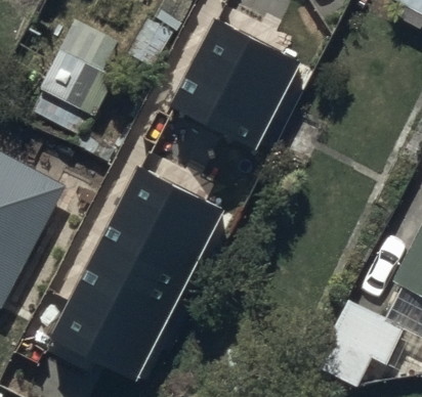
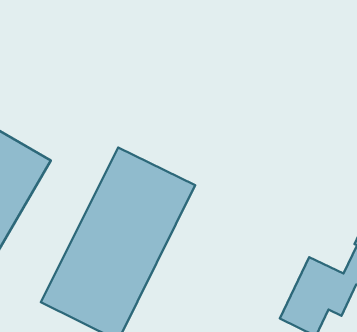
building: [35,18,134,133] -> none
building: [172,26,297,152] -> none

